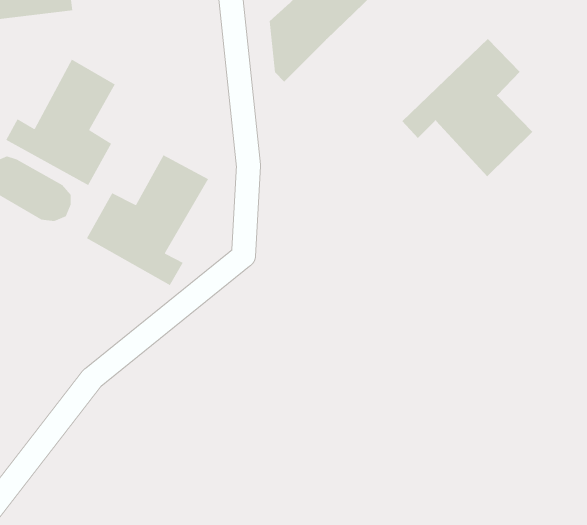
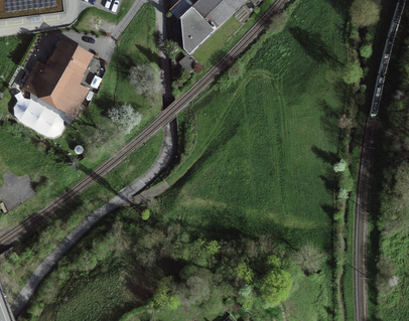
building: [401,38,533,177] -> none
building: [86,154,209,286] -> none

